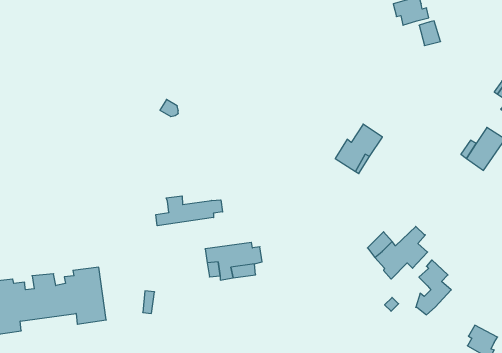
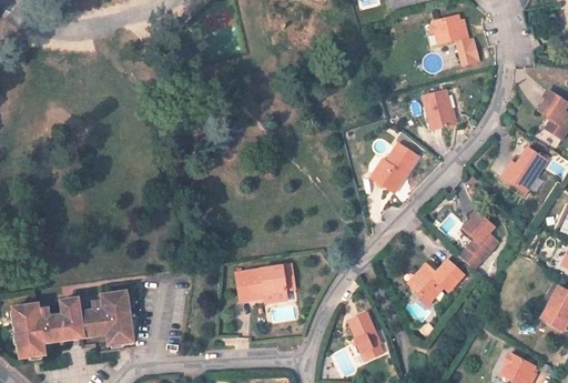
building: none -> [422,89,454,130]
building: [156,196,223,226] -> none
building: [416,260,451,315] -> [462,210,498,266]
building: none -> [349,312,384,359]

